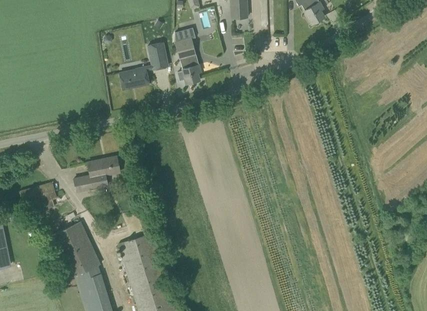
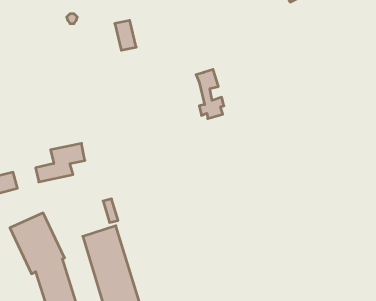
building: [175,38,201,84] -> [196,69,224,119]
building: [120,68,149,89] -> none

